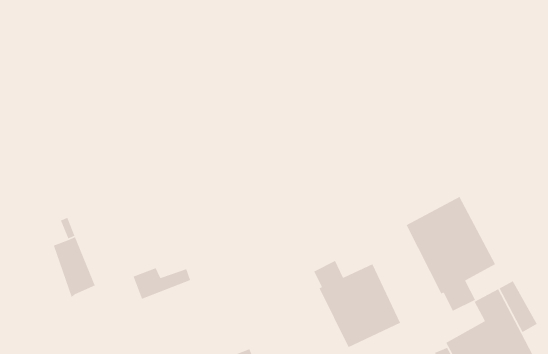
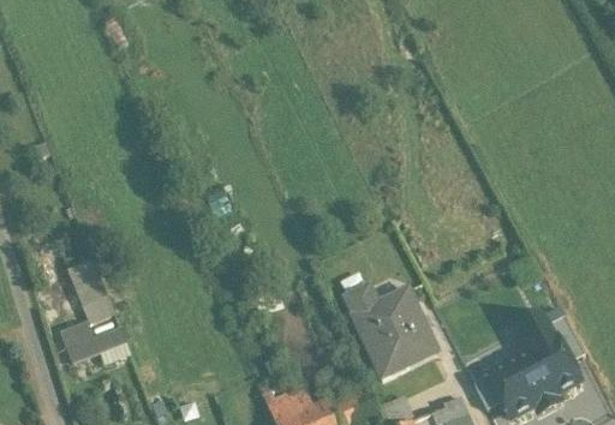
building: [405,196,496,312] -> none
building: [132,267,191,300] -> [64,325,126,360]

